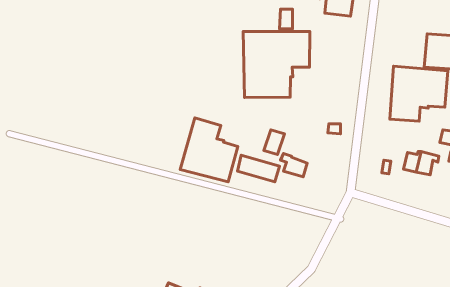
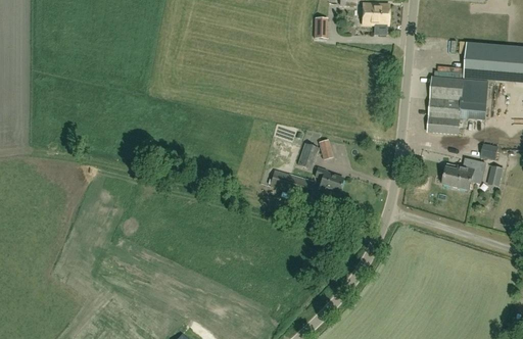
building: [243,31,310,97] -> none
building: [180,118,238,182] -> none

